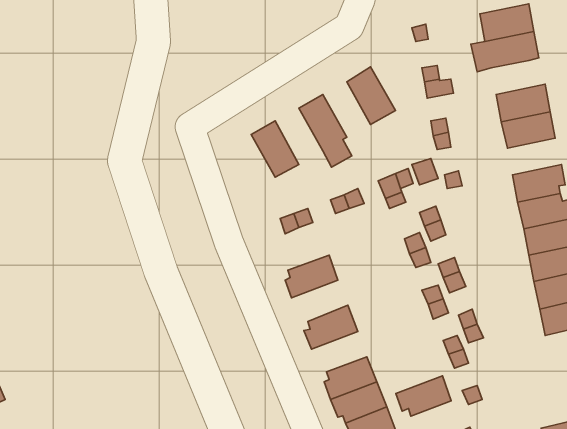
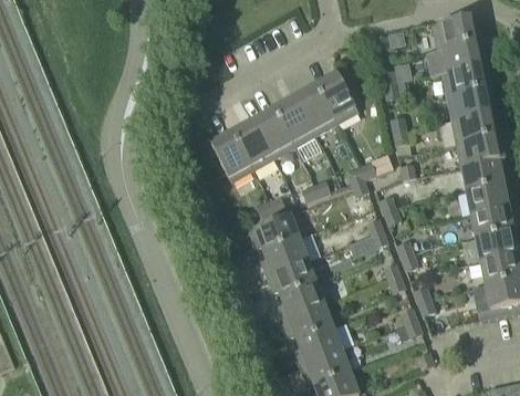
building: none -> [443,64,490,96]
building: none -> [294,85,336,134]
building: none -> [252,108,294,158]
building: none -> [210,132,252,181]
building: none -> [457,135,505,167]
building: none -> [250,215,300,251]
building: none -> [267,260,316,296]
building: [396,376,451,416] -> [284,305,333,341]

